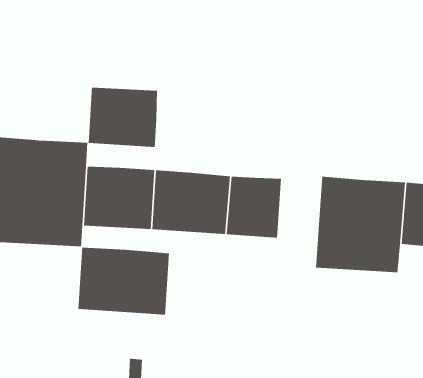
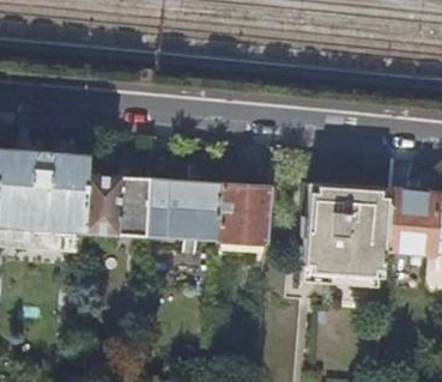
building: [88,87,157,148] -> none
building: [78,247,169,316] -> none

